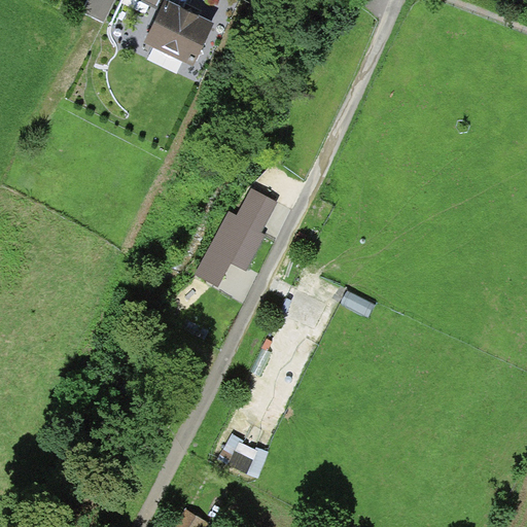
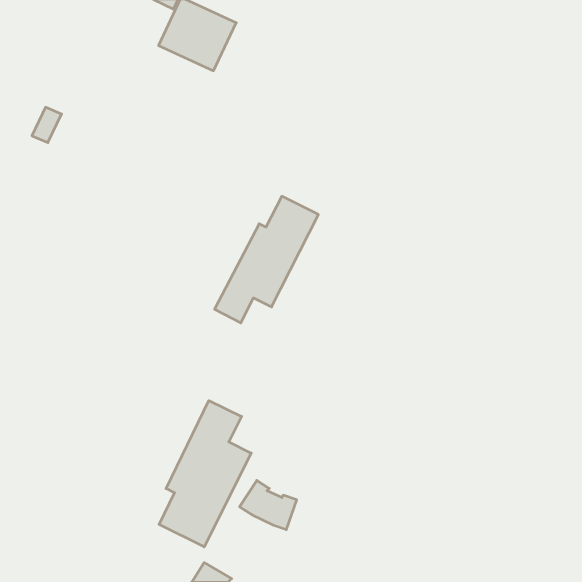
building: none -> [159,401,251,547]

